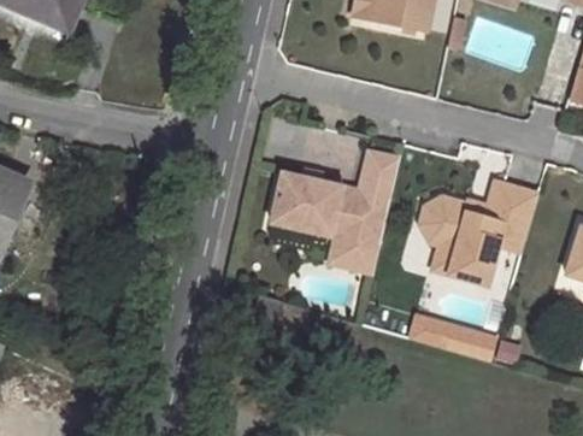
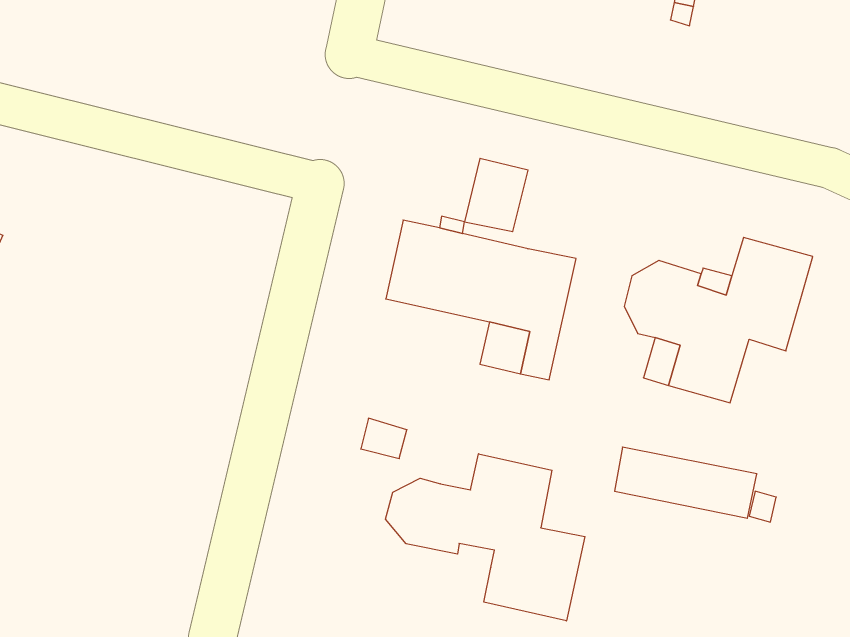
building: [358,149,398,195] -> [465,158,528,232]
building: none -> [385,454,585,621]

